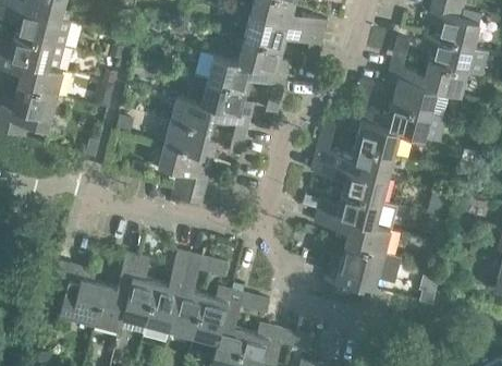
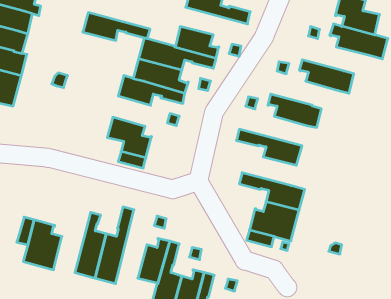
building: [244,15,323,48] -> [83,13,150,40]
building: [388,62,467,97] -> none
building: [351,98,430,138] -> none
building: [164,120,217,158] -> none
building: [314,144,393,179] -> none
building: [317,192,381,225] -> none
building: [95,254,138,331] -> none
building: [171,254,205,334] -> none

